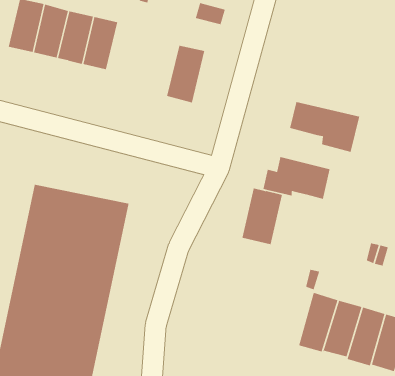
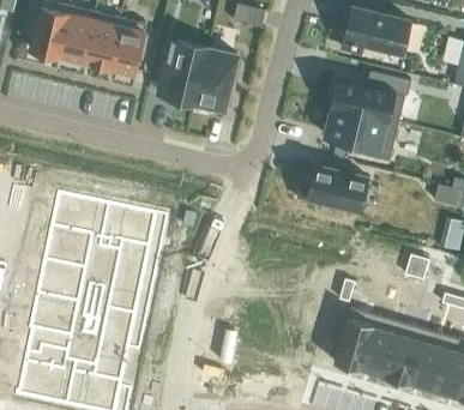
building: none -> [343,8,409,61]
building: none -> [164,42,209,105]
building: none -> [331,73,410,125]
building: [242,187,283,245] -> none

